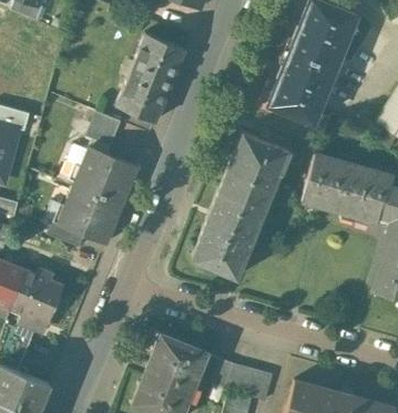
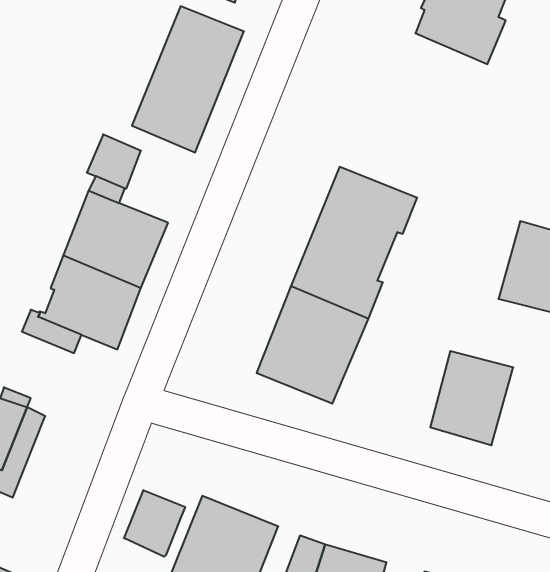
building: [268,51,335,123] -> none
building: [304,156,355,214] -> [430,351,513,445]
building: none -> [124,490,185,557]

